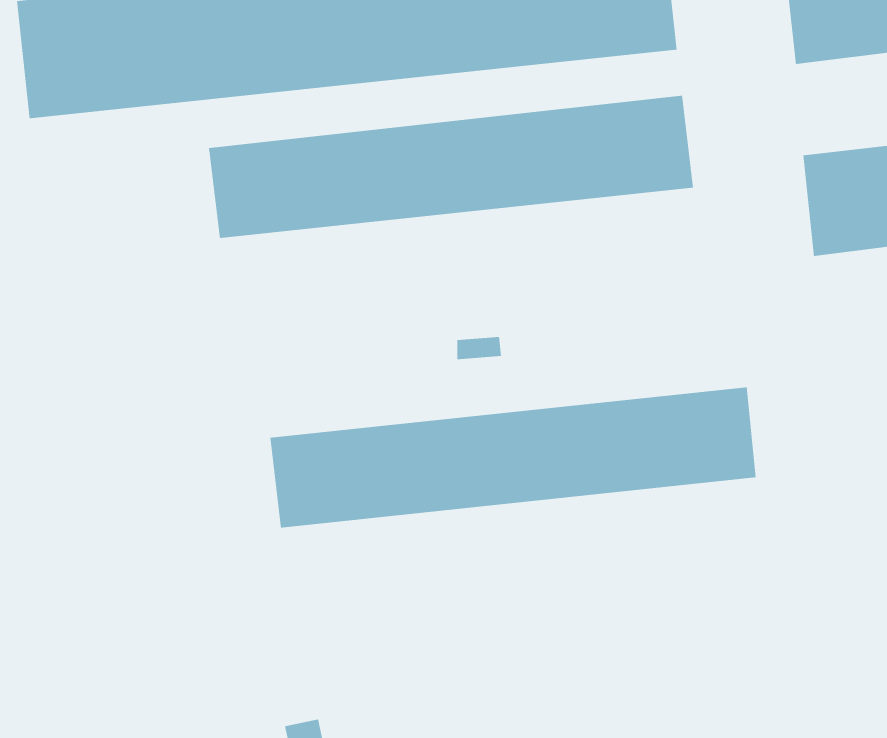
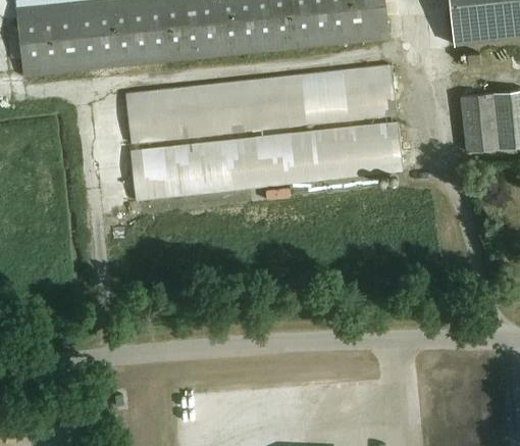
building: [269,387,757,528] -> [129,119,404,199]

